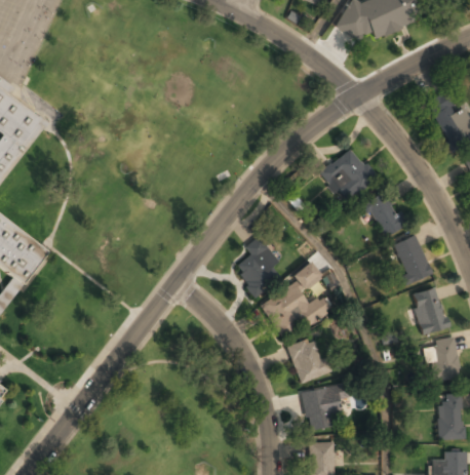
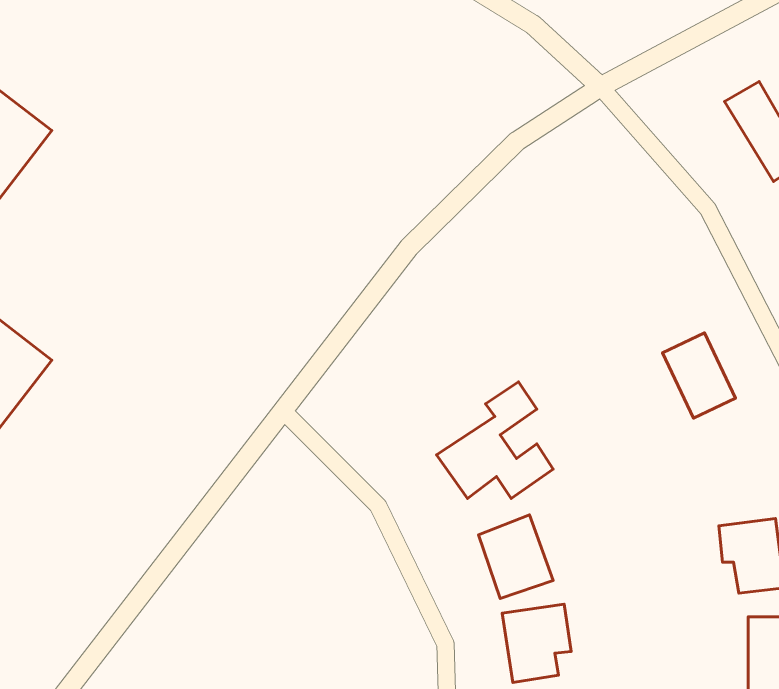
building: [320,148,376,202] -> none
building: [363,193,407,236] -> none
building: [233,236,282,296] -> none
building: [413,286,448,333] -> none

